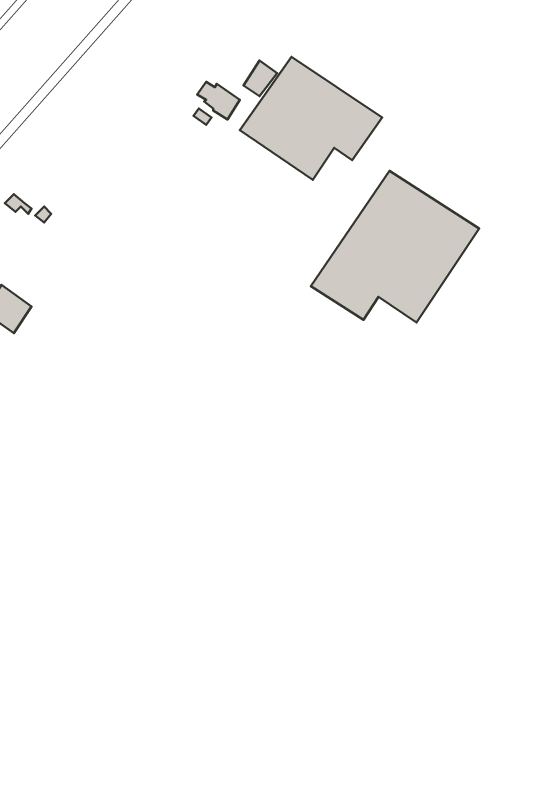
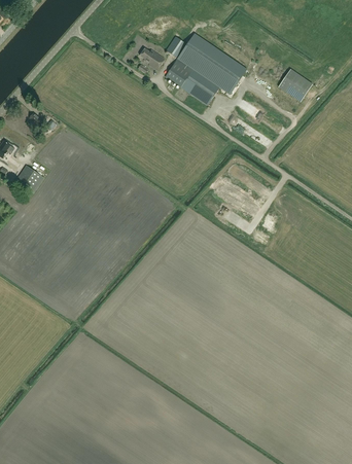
building: none -> [278,69,312,102]
building: [311,171,479,323] -> none

